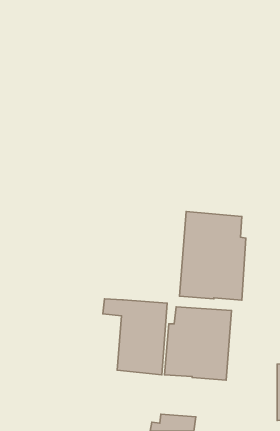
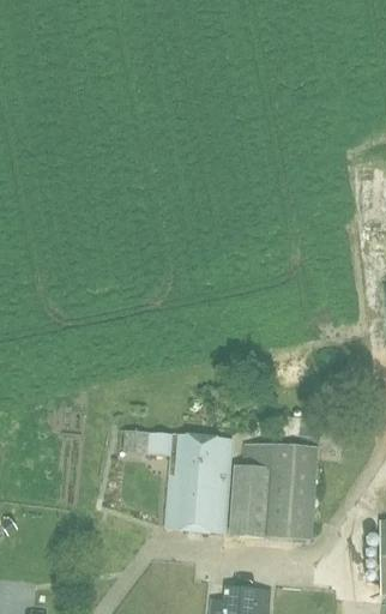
building: [180,211,246,300] -> none

